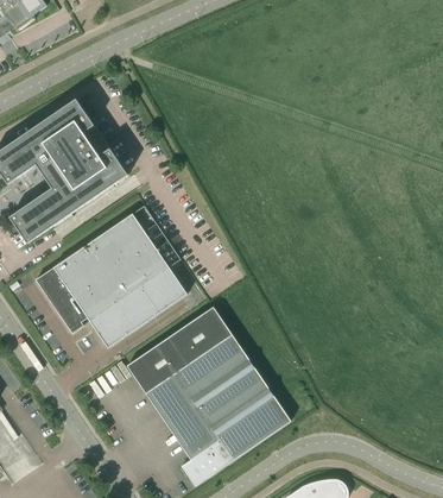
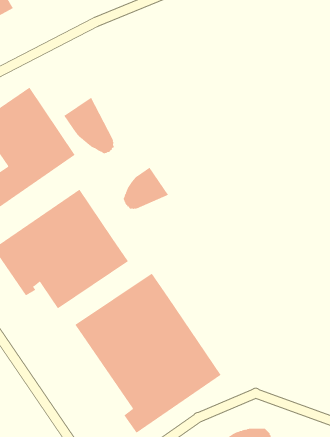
building: none -> [64,97,114,154]
building: none -> [123,167,169,210]

